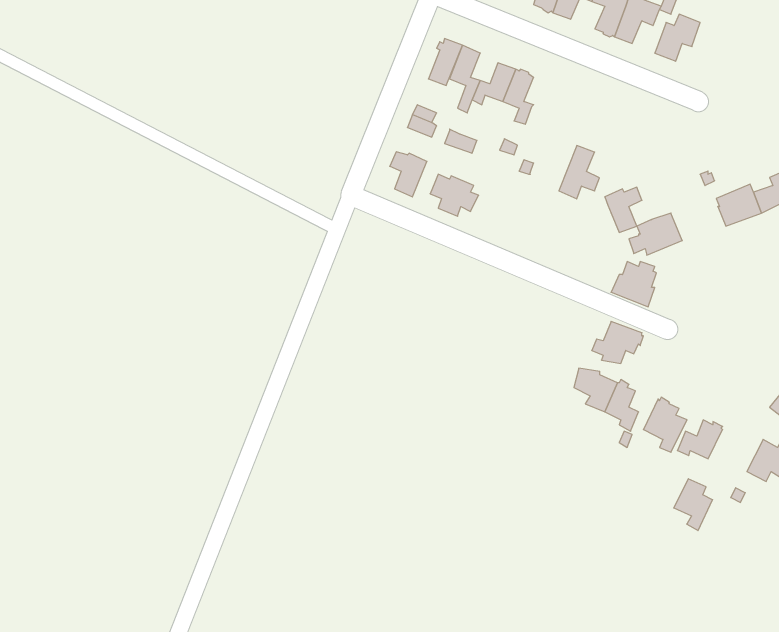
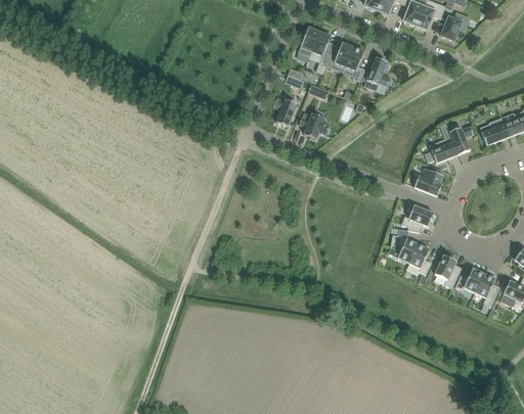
building: [559,146,599,199] -> [364,57,390,91]
building: [605,187,642,232] -> [449,126,473,154]
building: [674,479,713,531] -> [475,274,499,307]

